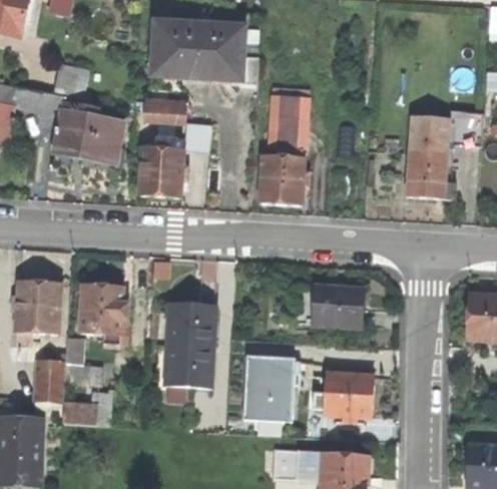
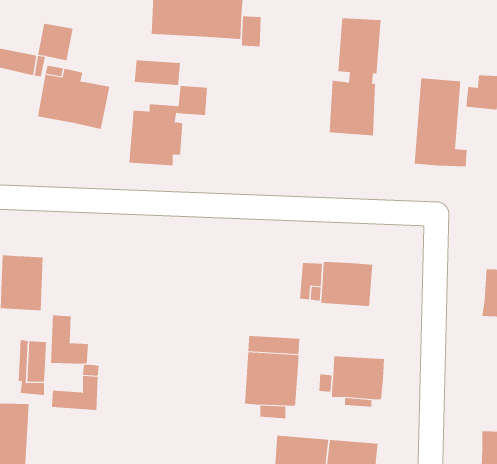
building: [259,94,308,204] -> [329,18,381,136]
building: [78,285,127,343] -> none
building: [166,303,217,389] -> none

